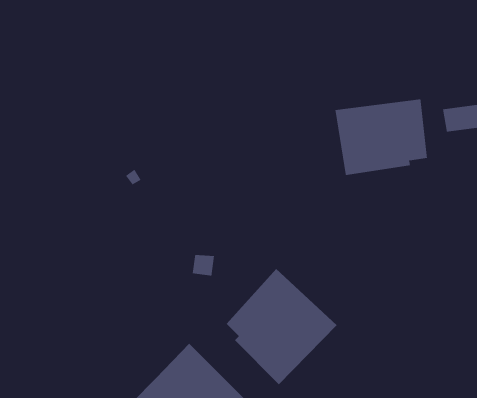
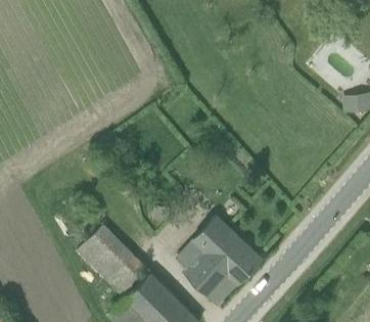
building: [335,98,427,176] -> none
building: none -> [75,223,147,296]

